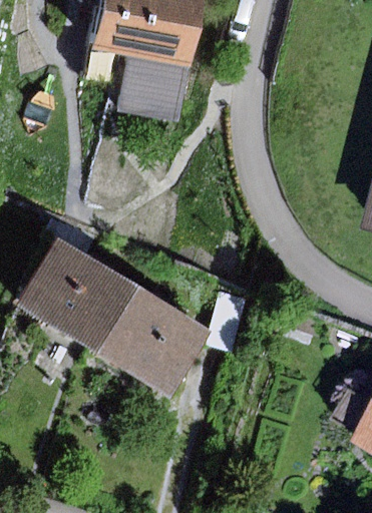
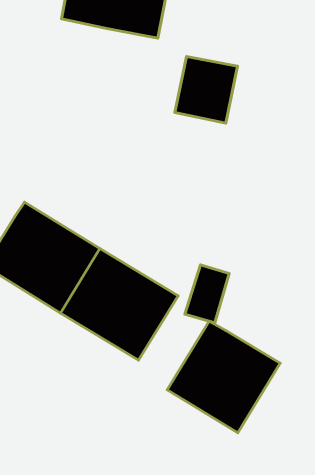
building: [114,47,179,116] -> [175,57,238,123]
building: none -> [167,321,280,433]

